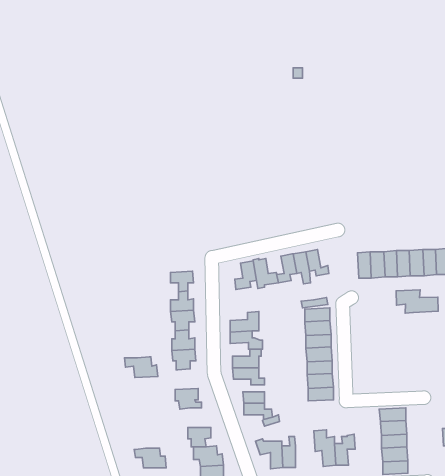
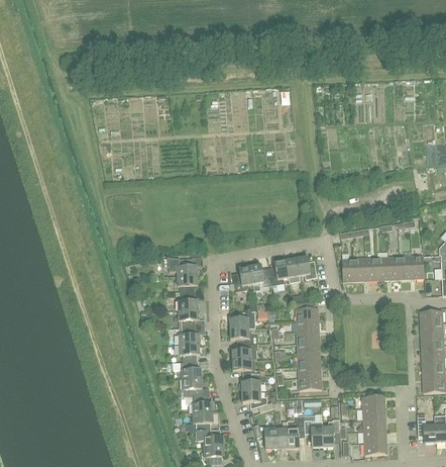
building: none -> [169,258,197,276]
building: [396,290,438,313] -> none
building: [124,357,158,377] -> [173,361,202,379]
building: none -> [288,415,305,448]
building: [134,448,166,468] -> [185,395,213,412]

